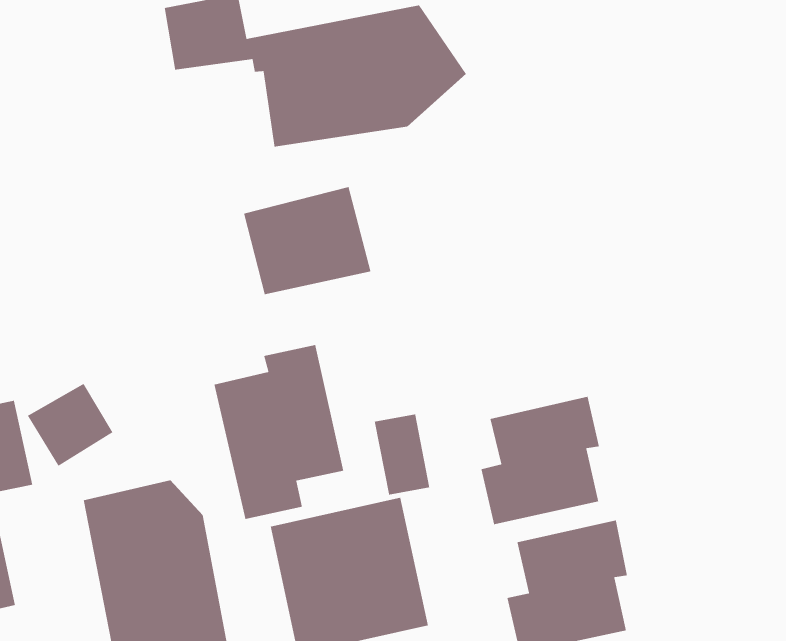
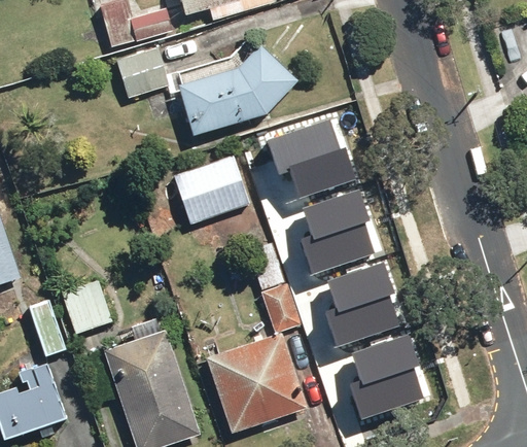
building: none -> [270,118,357,195]
building: none -> [304,185,375,270]
building: [214,344,344,520] -> none

